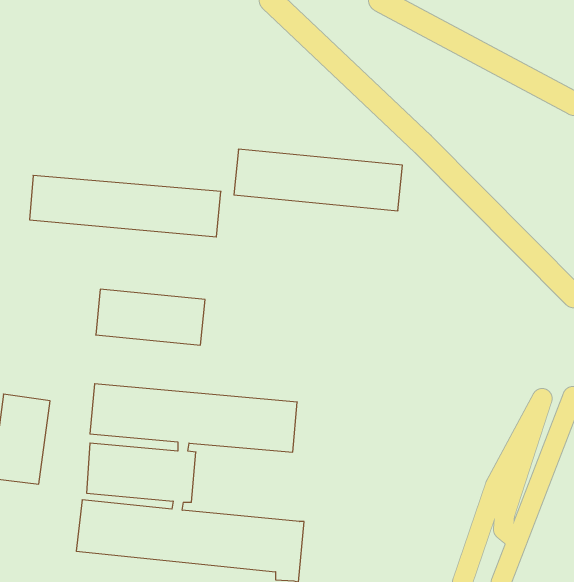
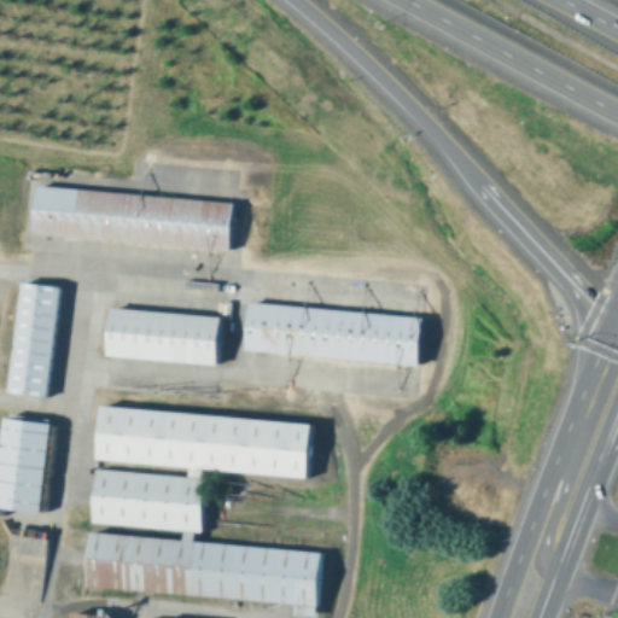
building: [234,149,402,211] -> [240,301,419,366]
building: none -> [7,282,60,398]

